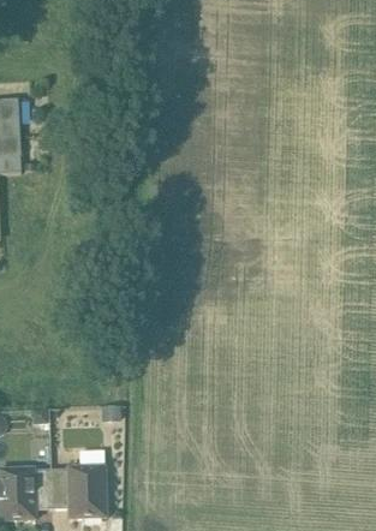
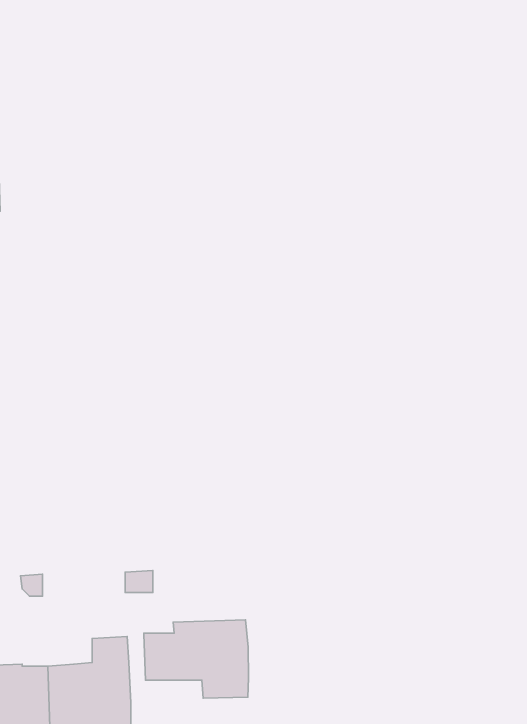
building: none -> [144,620,248,698]

